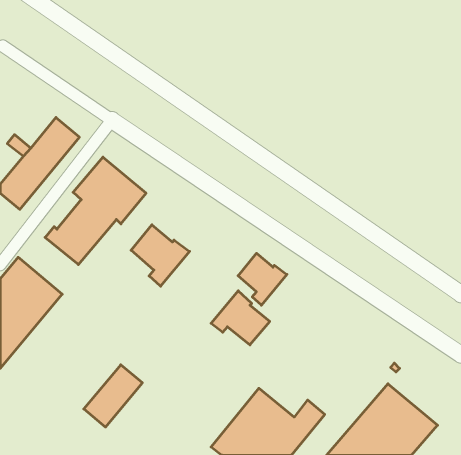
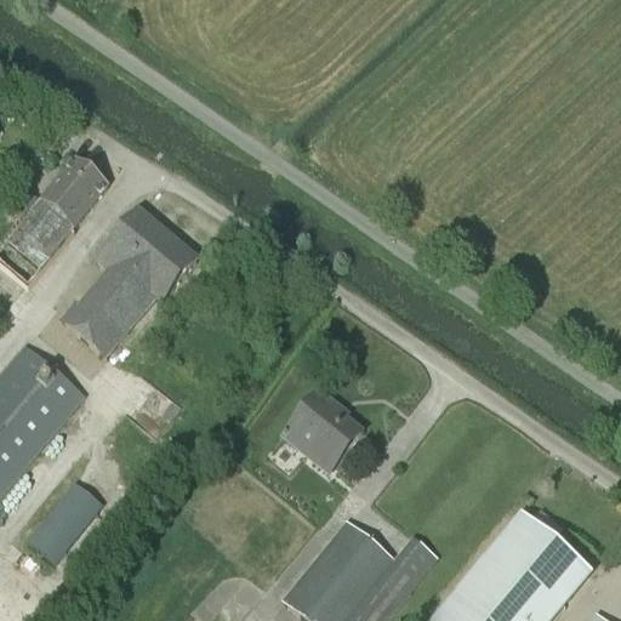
building: [131,225,190,286] -> none
building: [238,253,287,305] -> none
building: [84,365,142,427] -> [23,482,102,565]

